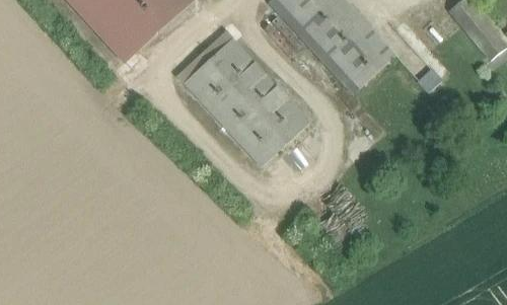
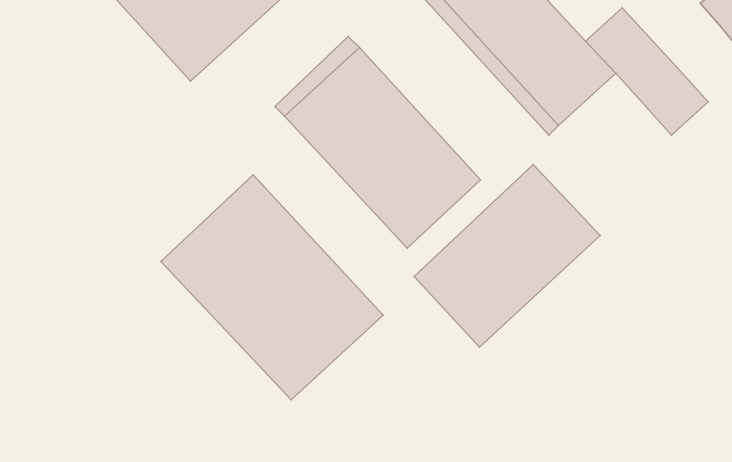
building: none -> [414,164,600,347]
building: none -> [161,175,383,400]

